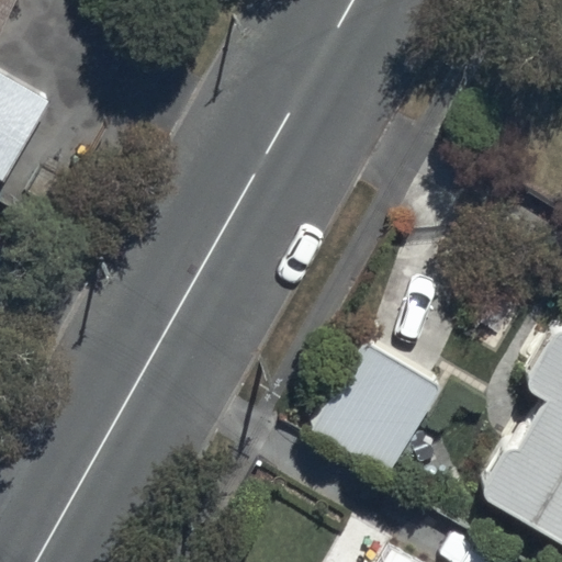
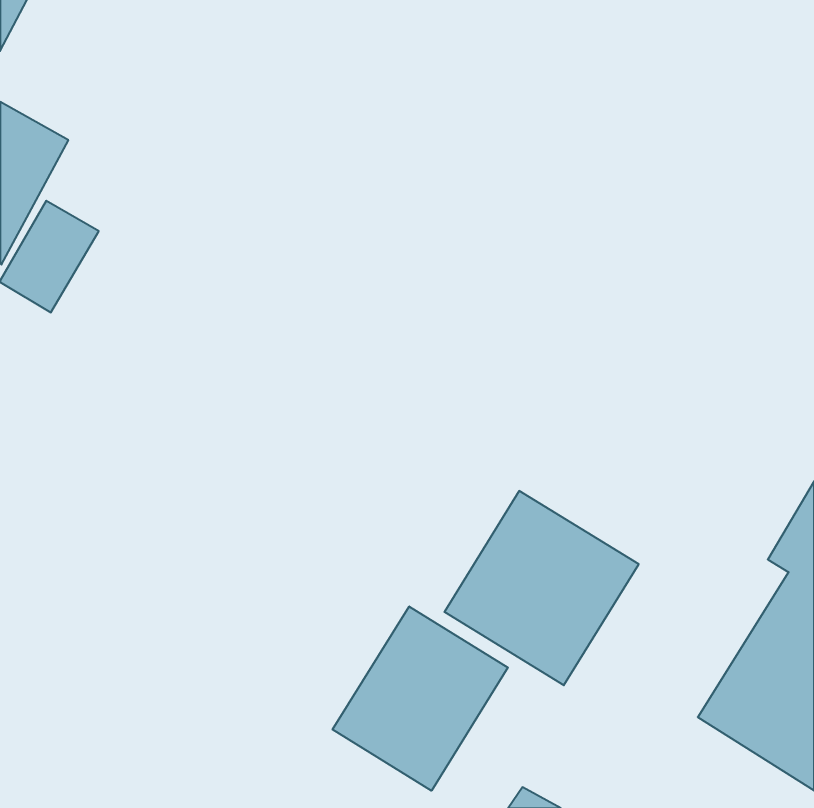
building: none -> [333,606,508,791]

